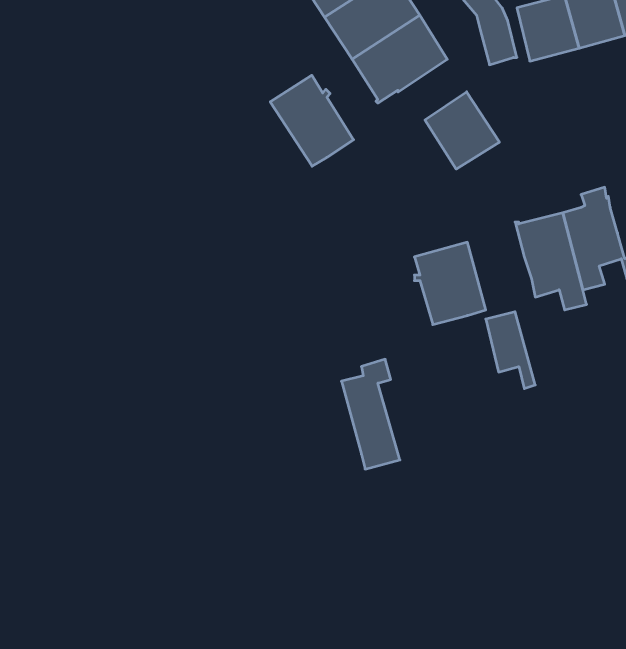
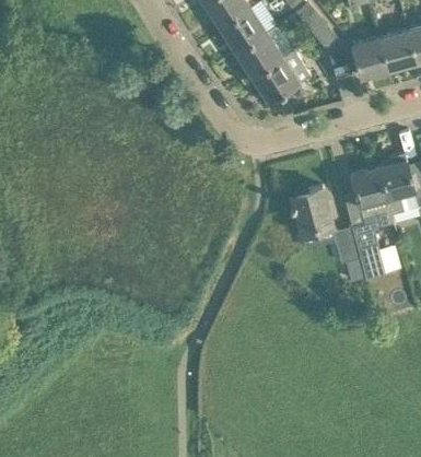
building: [270,75,354,166] -> none
building: [425,92,499,169] -> none
building: [341,359,400,469] -> [351,215,386,281]

